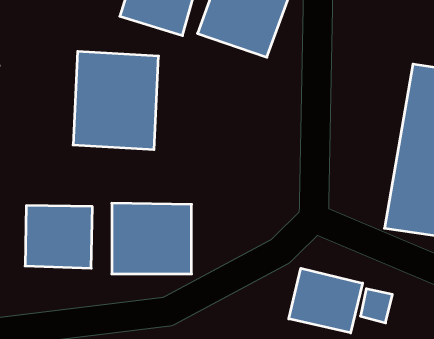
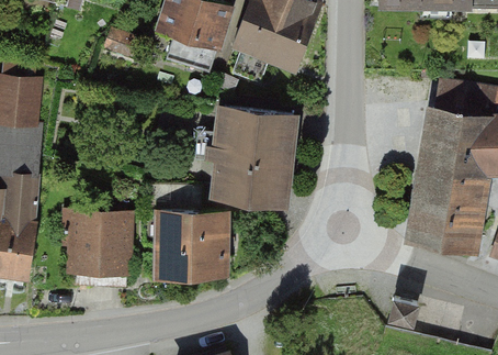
building: [73,51,159,150] -> [214,113,296,208]
building: [289,268,363,333] -> none

